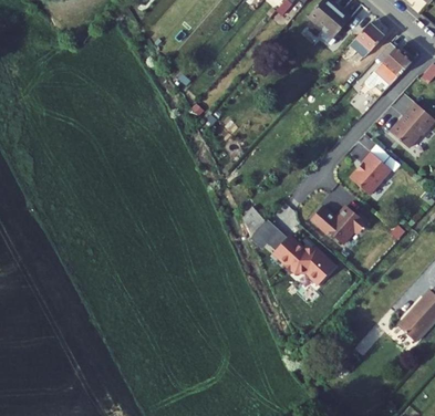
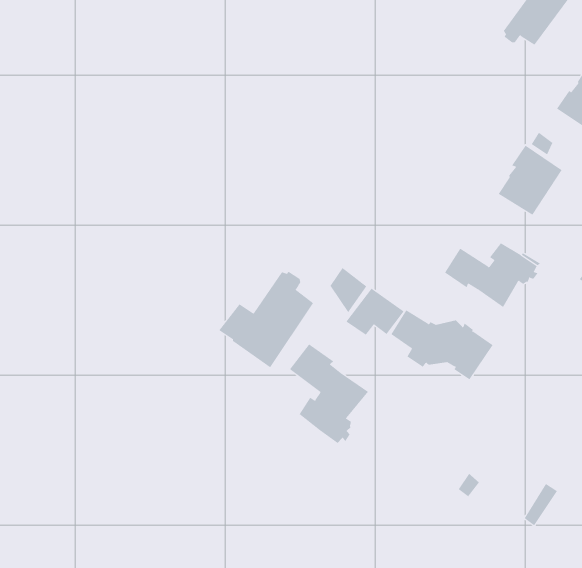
building: none -> [218,271,314,368]
building: none -> [289,344,369,444]

